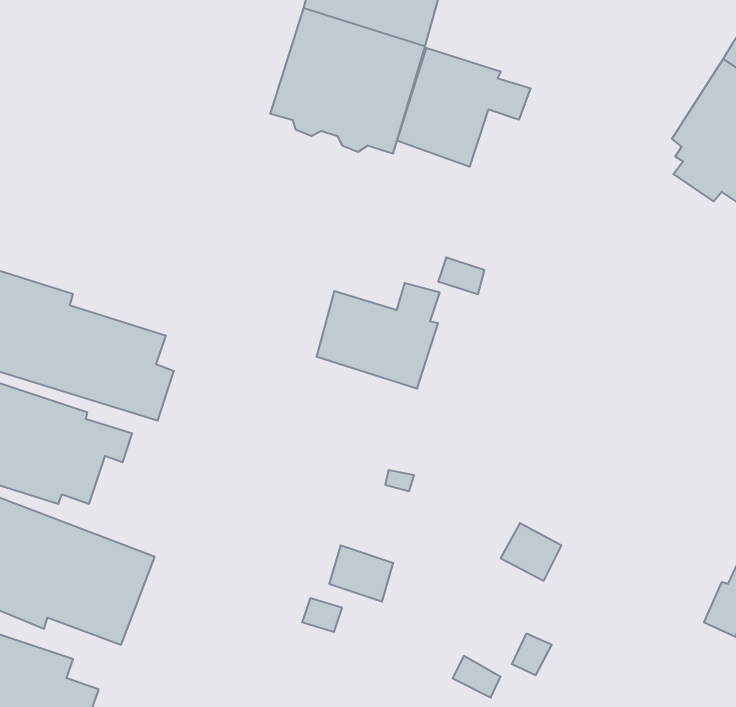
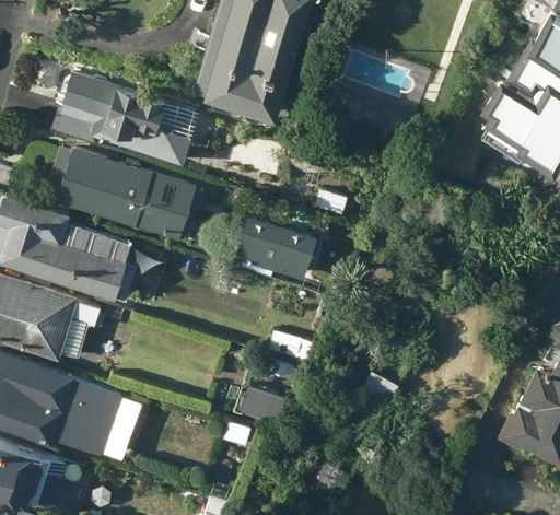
building: [397,48,531,167] -> none
building: none -> [49,70,188,164]
building: none -> [43,145,202,241]

